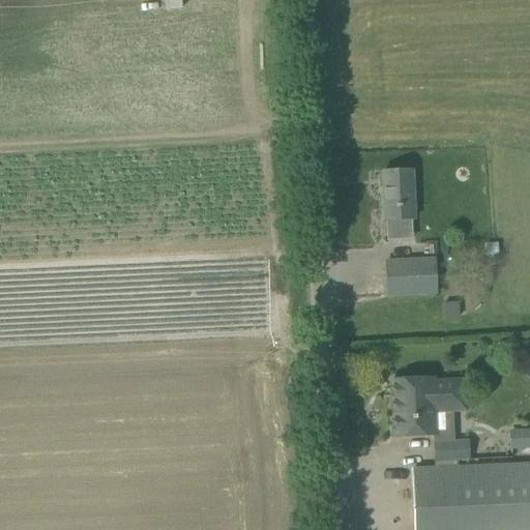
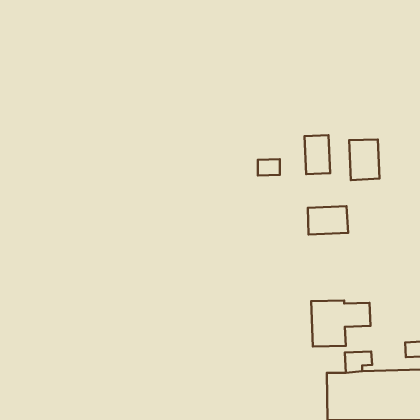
building: none -> [349,139,379,180]
building: [383,218,411,239] -> [258,159,280,176]

